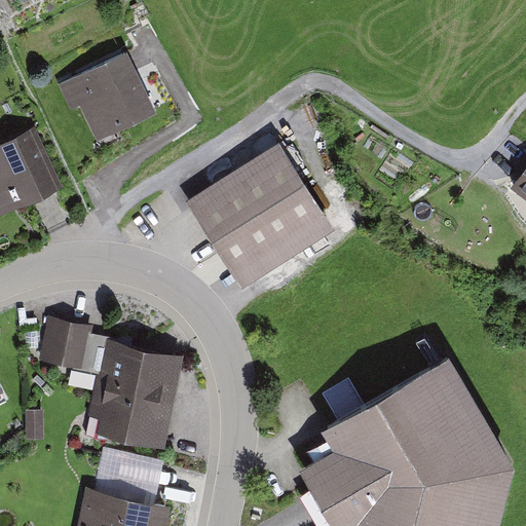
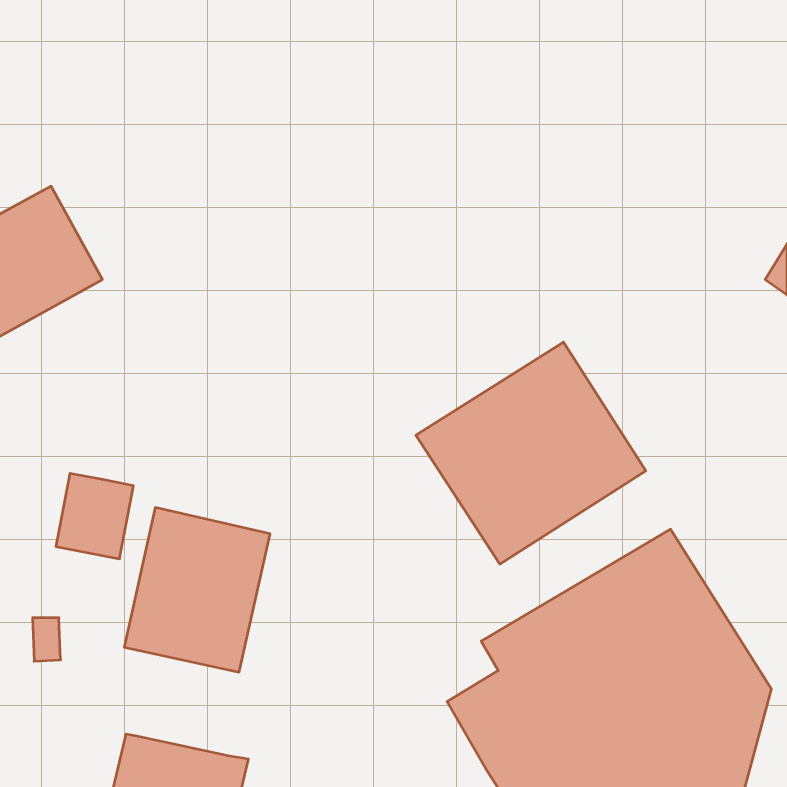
building: [53,48,165,146] -> none
building: [190,143,342,290] -> [416,342,646,564]
building: [89,450,159,504] -> none

